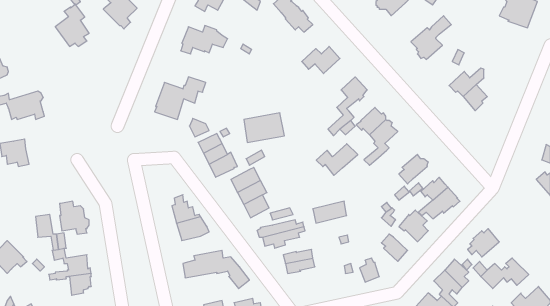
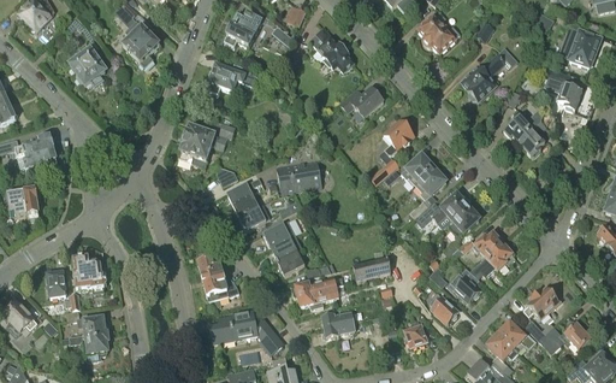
building: none -> [543,66,582,110]
building: [316,144,358,175] -> [422,193,468,228]

